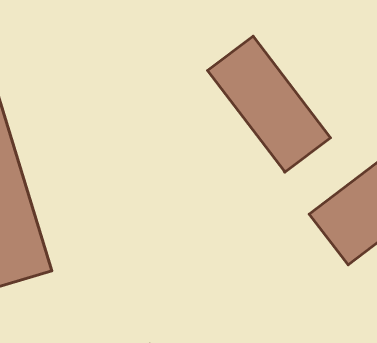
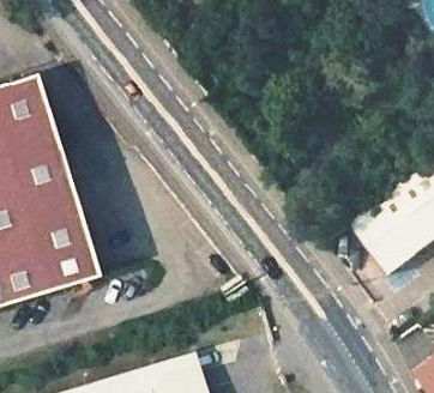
building: [208,36,330,172] -> none

